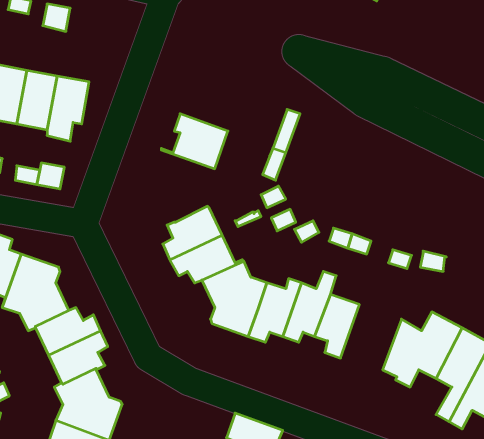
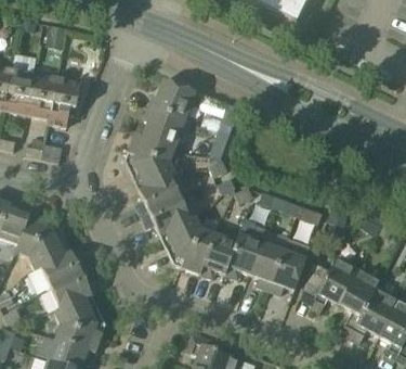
building: none -> [148,80,195,120]
building: none -> [125,135,175,189]
building: none -> [269,239,310,295]

